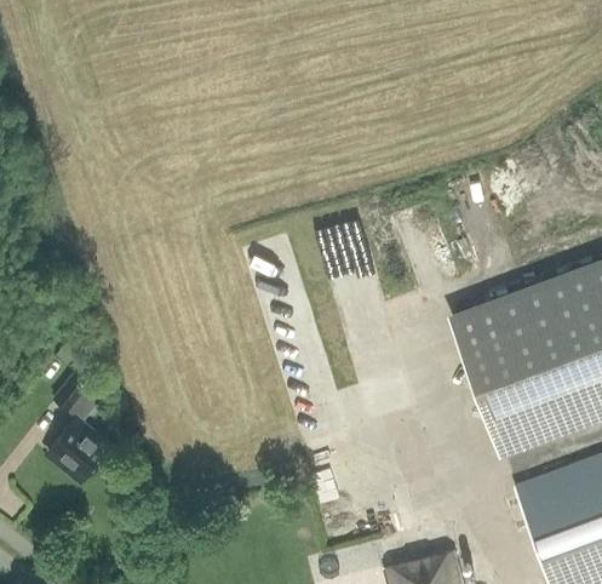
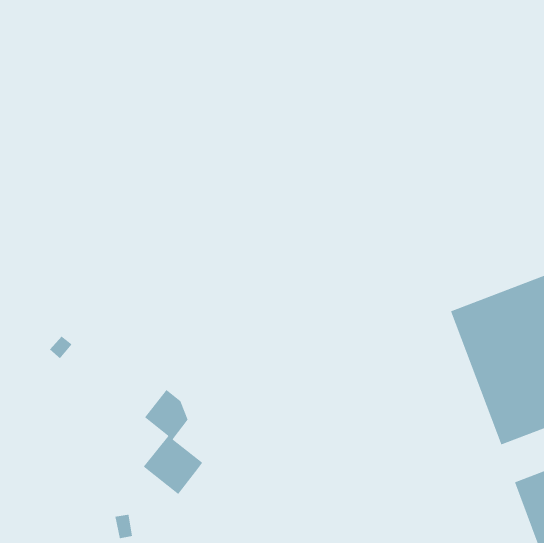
building: [52,372,111,476] -> [143,389,203,495]

